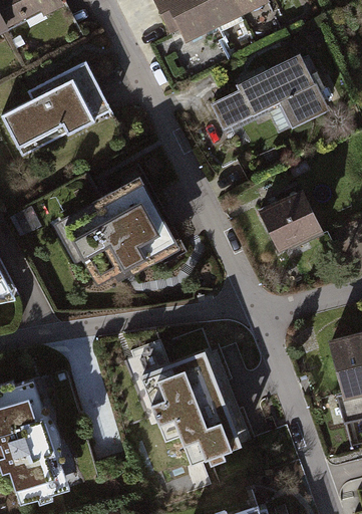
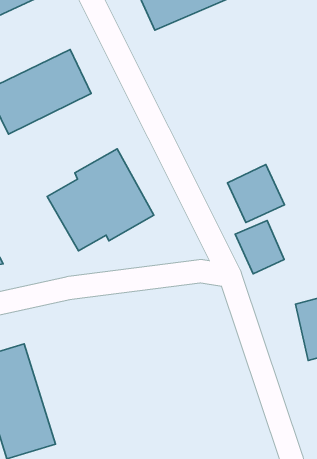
building: [211,58,327,133] -> none
building: none -> [235,221,284,274]
building: [136,347,240,458] -> none

